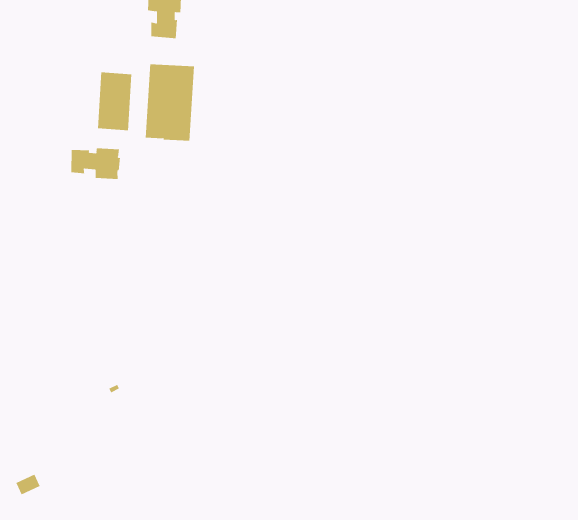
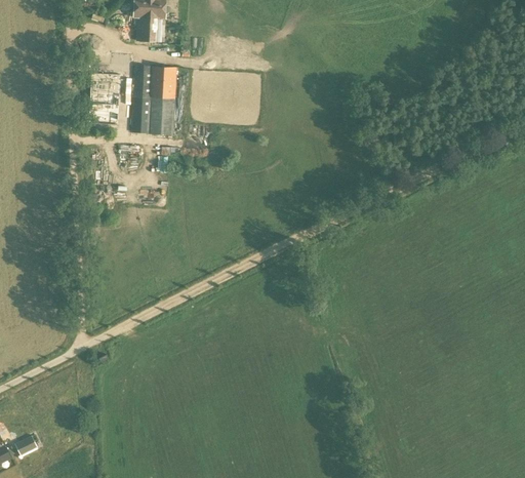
building: [71,148,121,180] -> none

